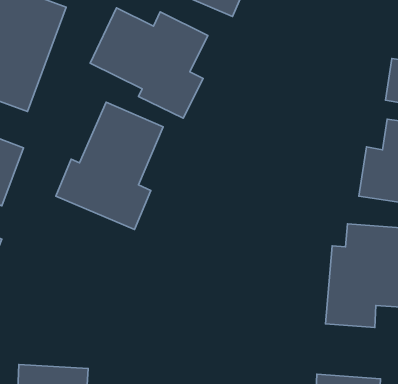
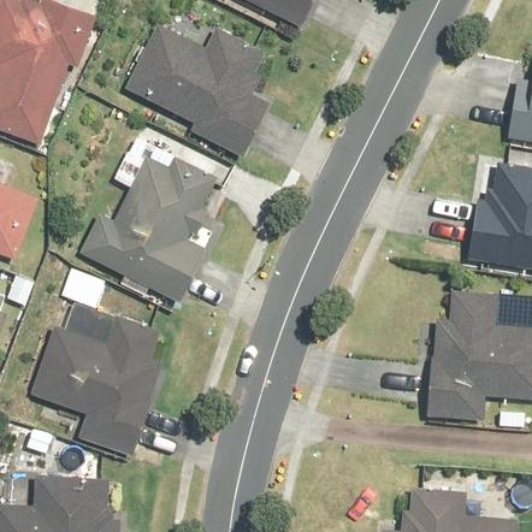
building: none -> [26,298,167,462]

